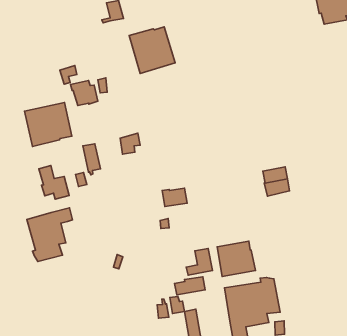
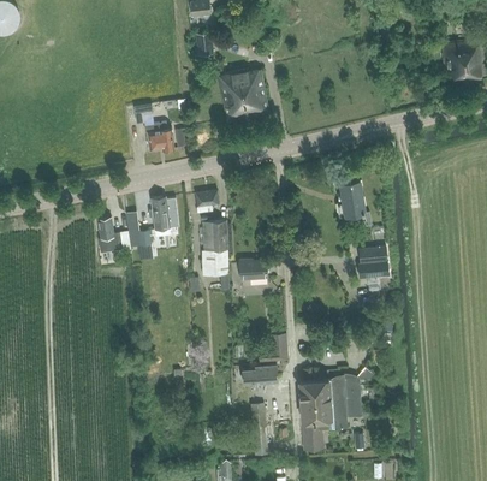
building: [24,103,72,147] -> none
building: none -> [338,180,364,218]
building: none -> [200,221,228,277]
building: [27,208,73,261] -> none
building: [217,241,255,277] -> none

